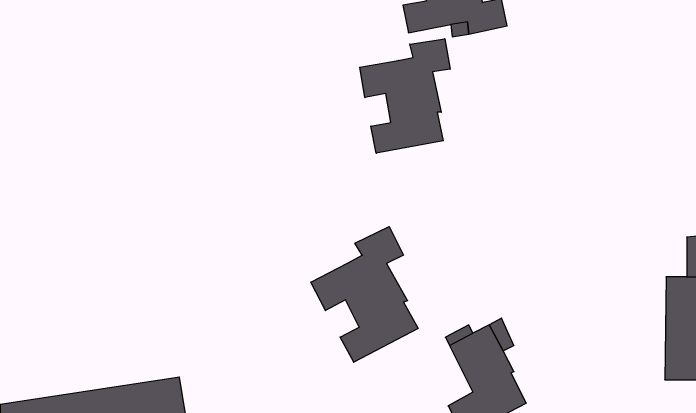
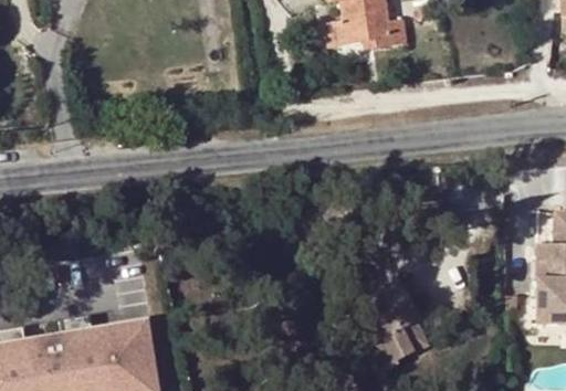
building: [360,39,450,153] -> none
building: [311,227,418,362] -> none

